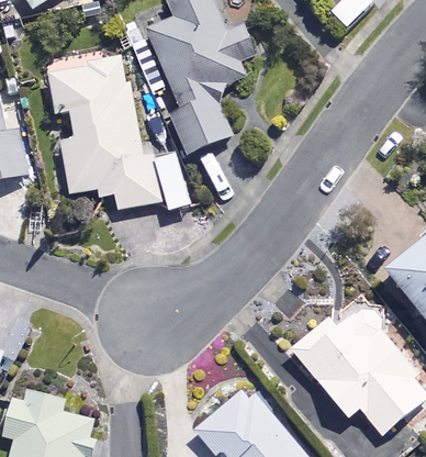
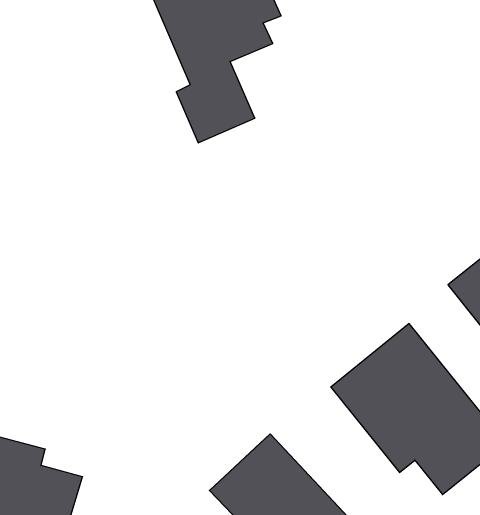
building: [46,53,188,210] -> none

